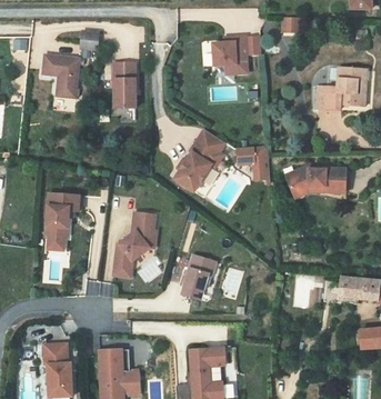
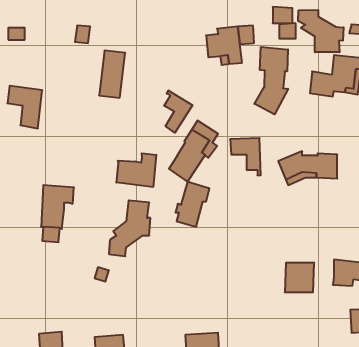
building: none -> [298,10,344,52]
building: none -> [254,47,288,114]
building: [40,59,76,102] -> [7,86,42,128]
building: none -> [164,90,192,133]
building: none -> [116,153,156,187]
building: [180,252,214,298] -> [175,182,209,227]

